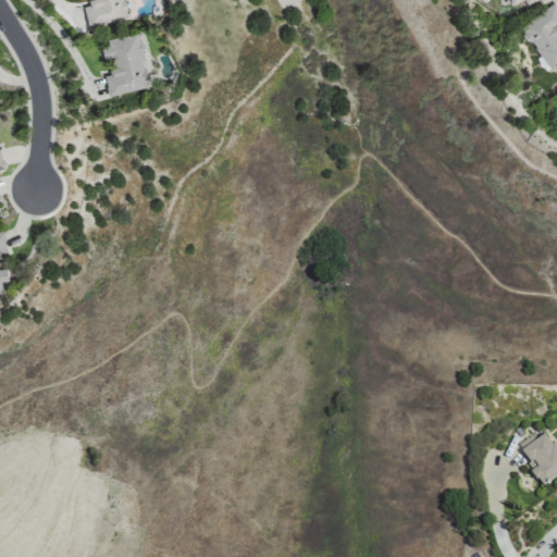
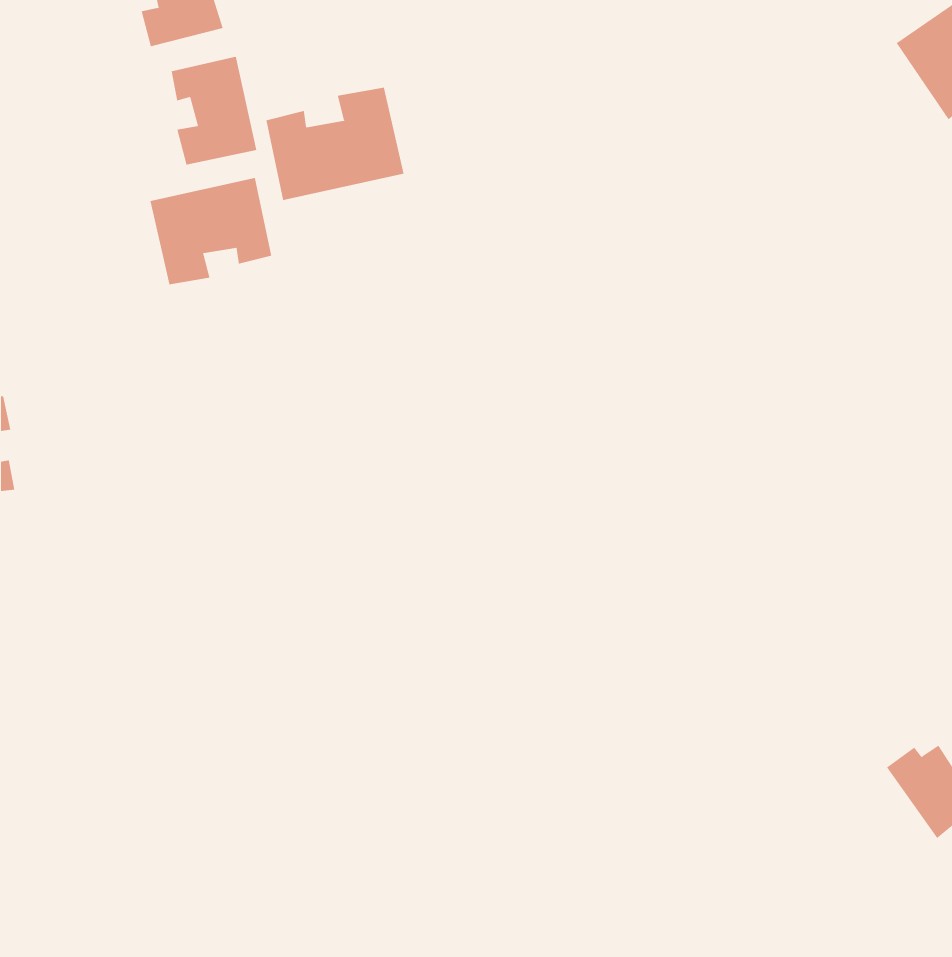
building: none -> [266,87,404,201]
building: none -> [150,177,272,285]

